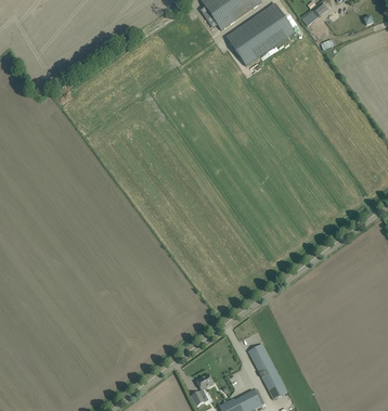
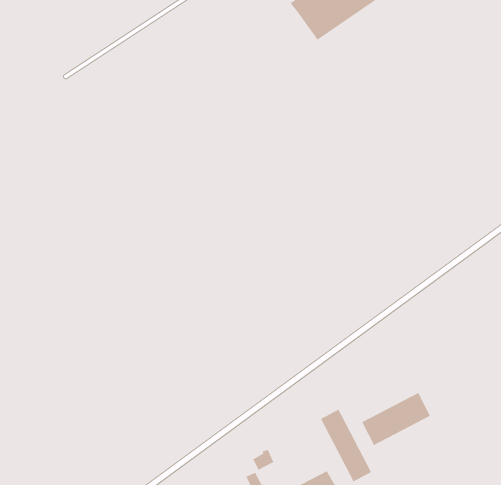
building: none -> [362,392,431,446]

